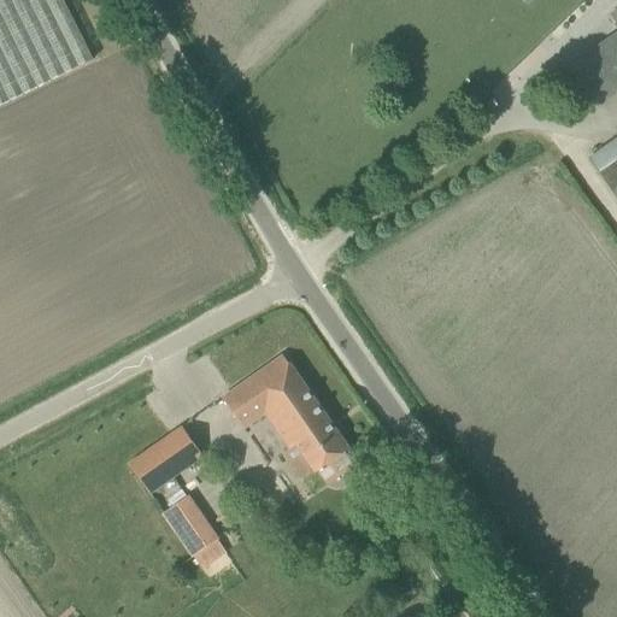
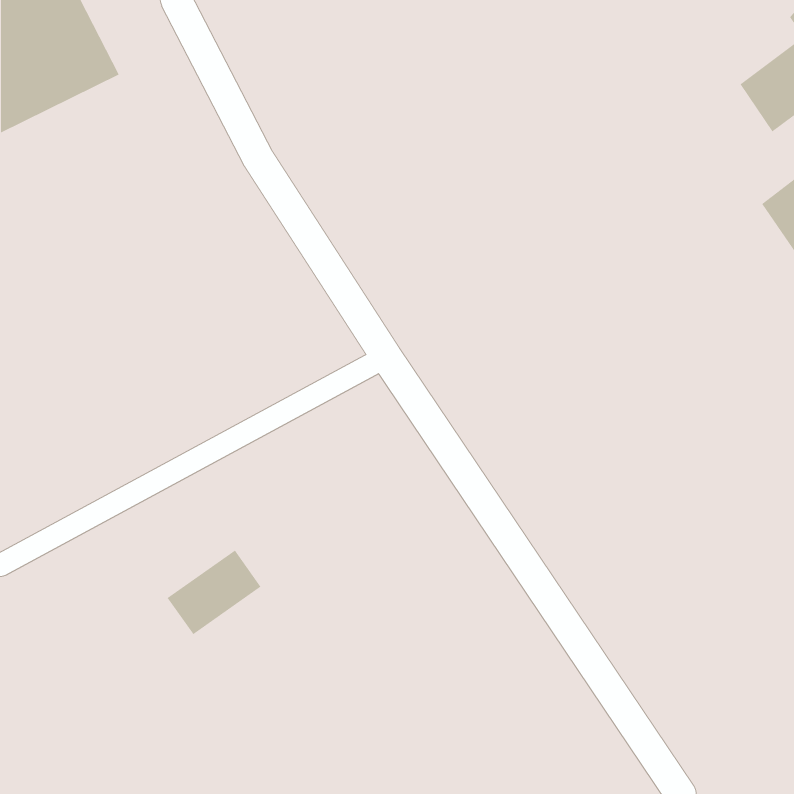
building: [224,355,348,470] -> none
building: [165,495,218,556] -> none

